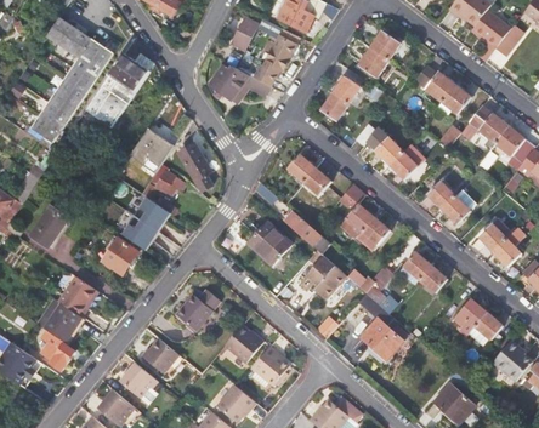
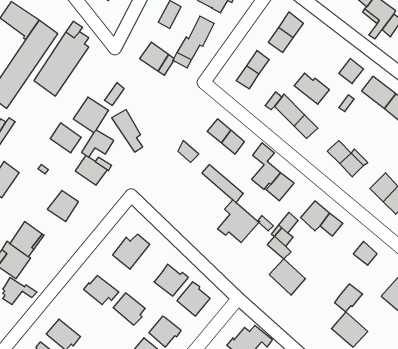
building: [414,65,455,102] -> [294,73,329,104]
building: [121,216,158,251] -> [50,123,81,153]
building: [249,223,293,267] -> none
building: [470,313,503,346] -> [335,284,363,312]
building: [123,363,160,400] -> [113,293,145,325]

